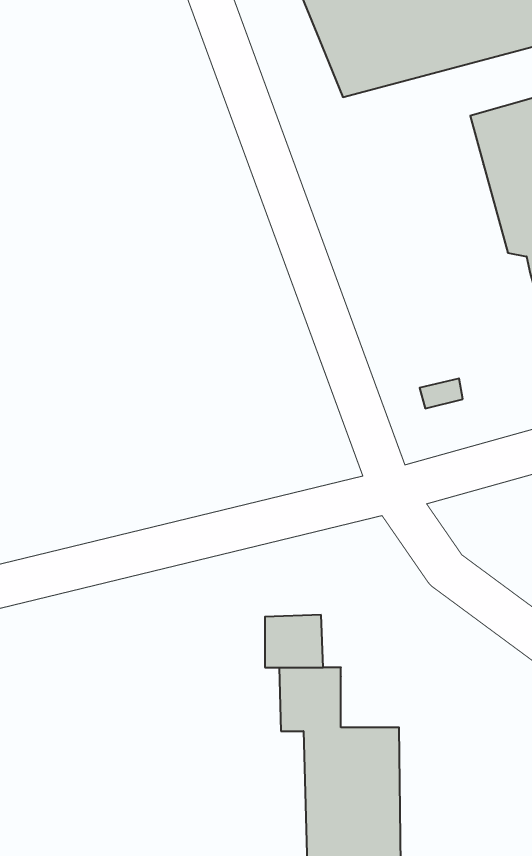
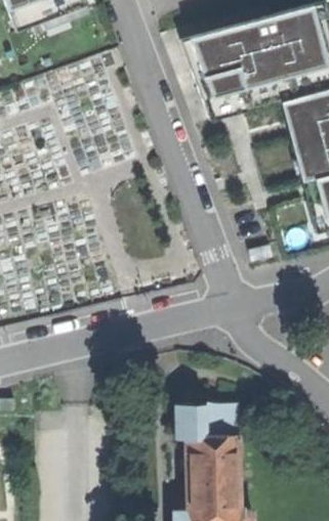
building: [265,615,323,667] -> [209,409,241,438]

